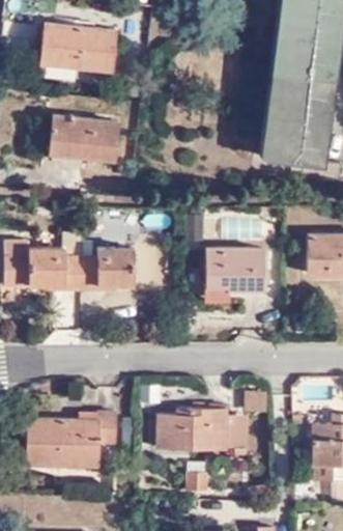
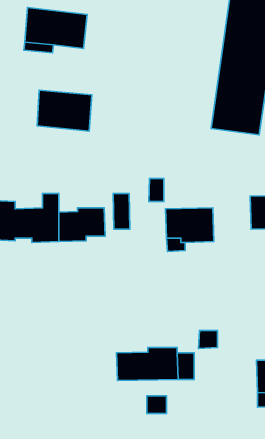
building: [27,422,110,474] -> none

